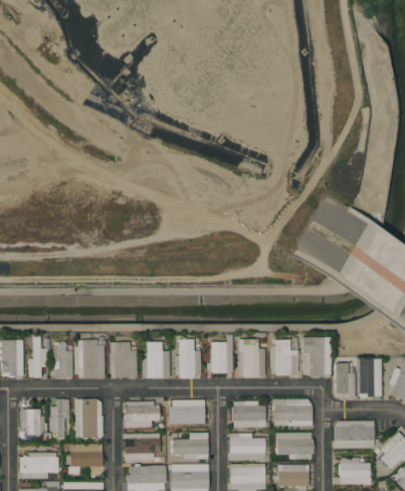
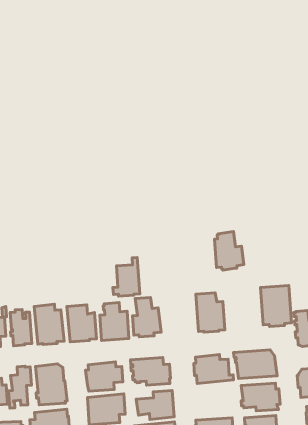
building: [206,335,232,372] -> [113,257,140,296]
building: [270,339,297,376] -> [215,232,244,270]
building: [229,433,265,461] -> none

